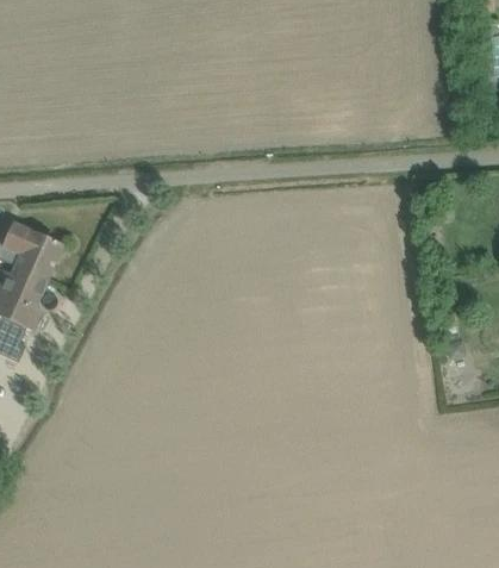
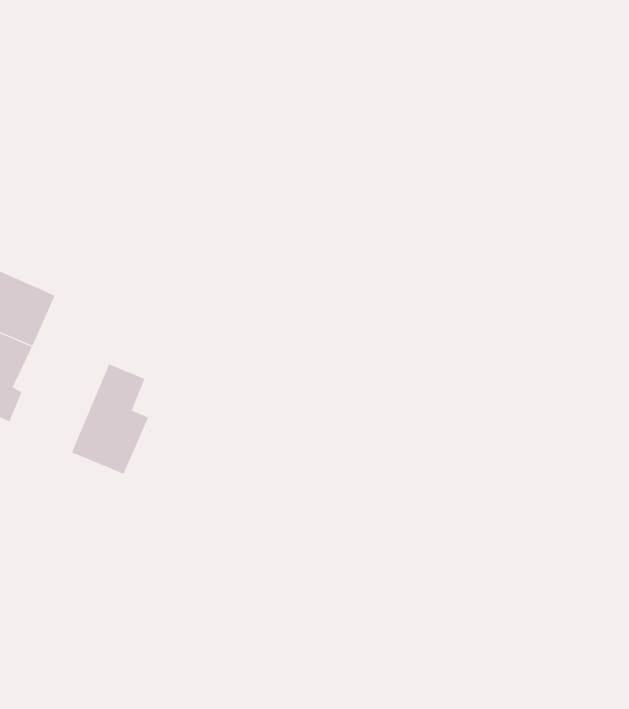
building: none -> [71,364,149,475]

